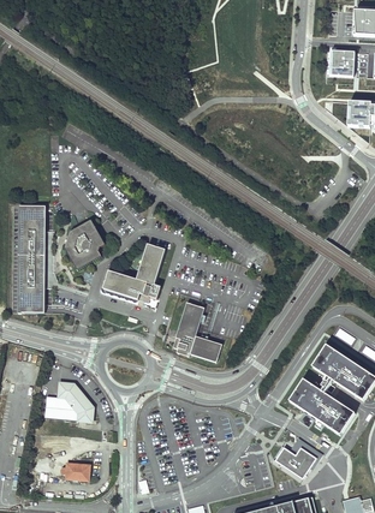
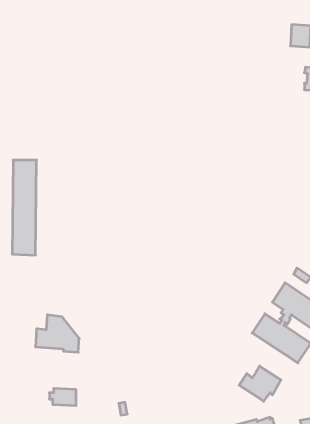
building: [65,219,105,269] -> none
building: [103,243,166,302] -> none
building: [172,302,222,362] -> none

